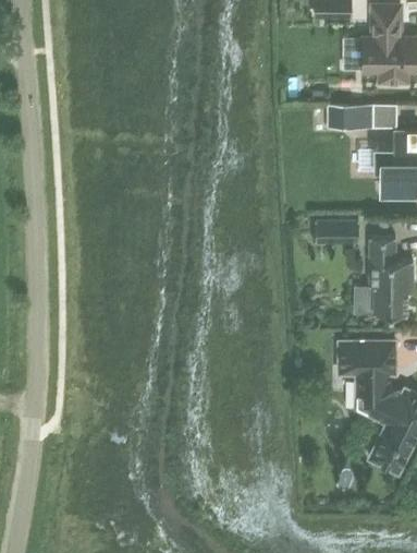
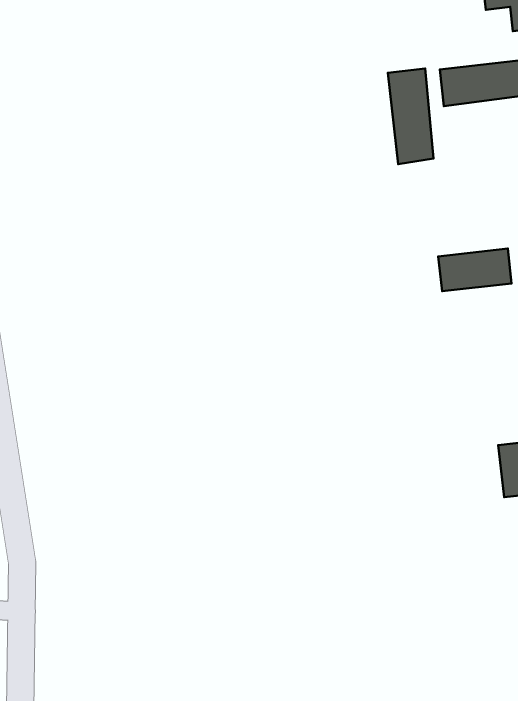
building: none -> [388,68,434,164]

